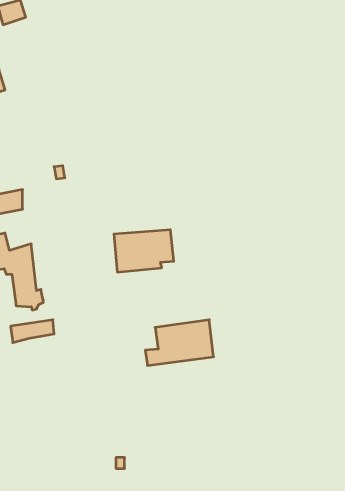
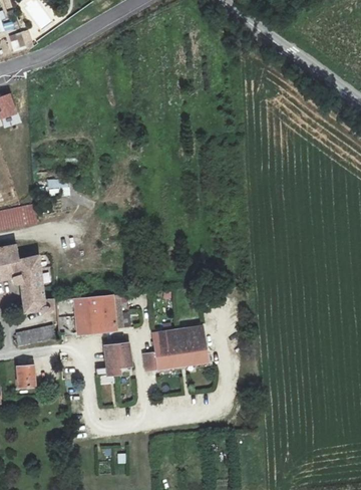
building: [114,230,174,272] -> [73,295,128,334]
building: none -> [98,342,130,384]
building: none -> [15,366,36,392]

